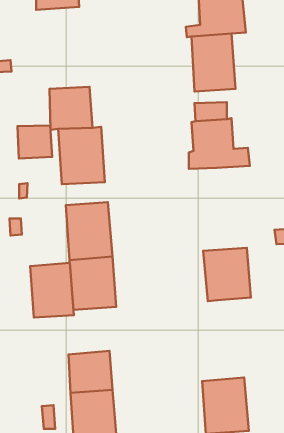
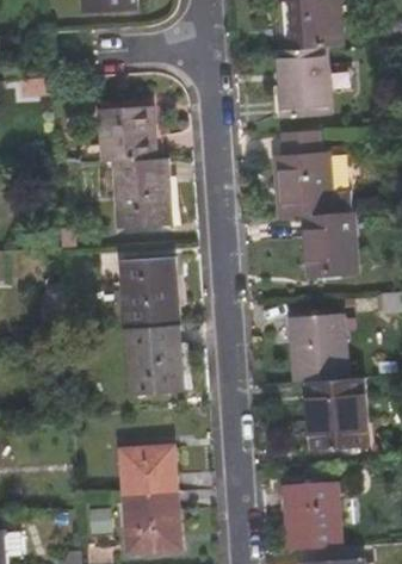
building: [17,126,52,158] -> none
building: none -> [307,211,359,277]
building: [30,263,74,318] -> none
building: none -> [308,377,372,448]

